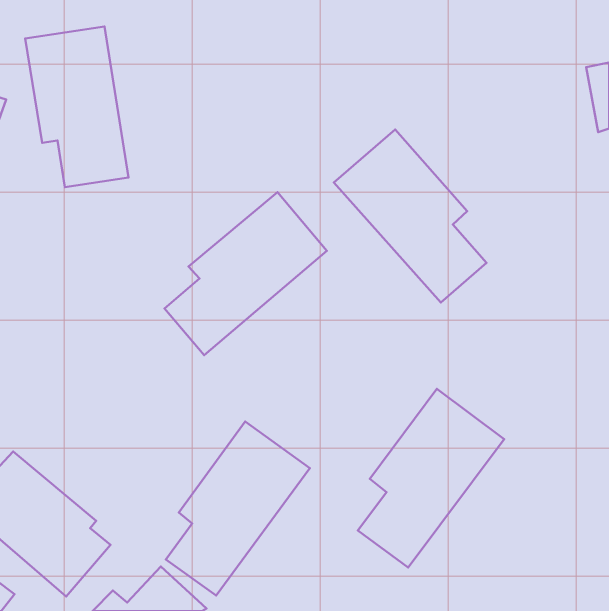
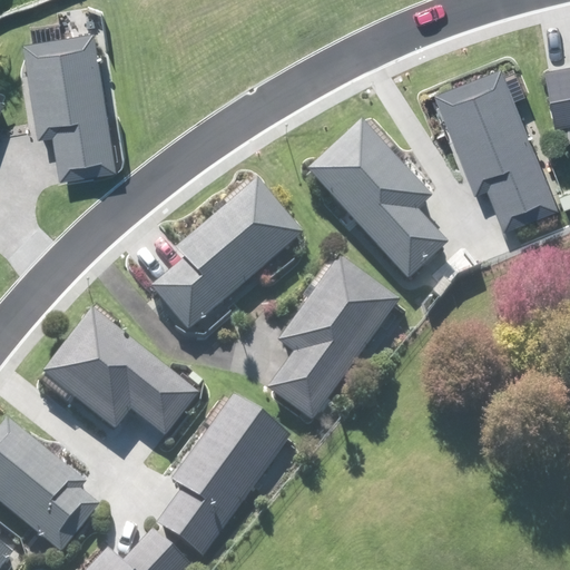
building: none -> [425,61,549,227]
building: none -> [42,307,200,436]
building: [358,389,504,568] -> [266,255,402,421]

